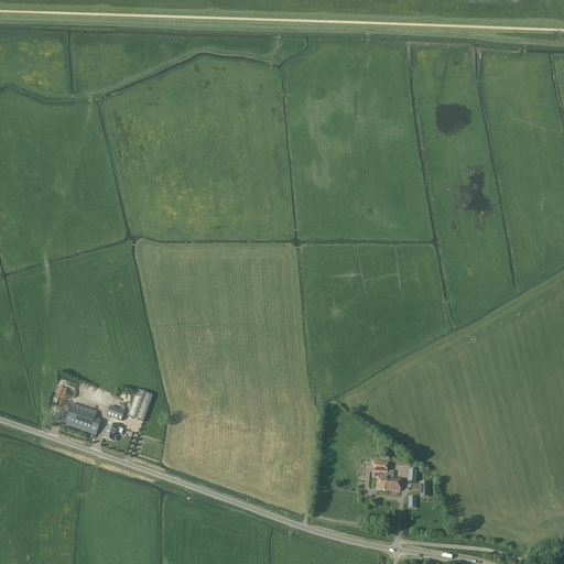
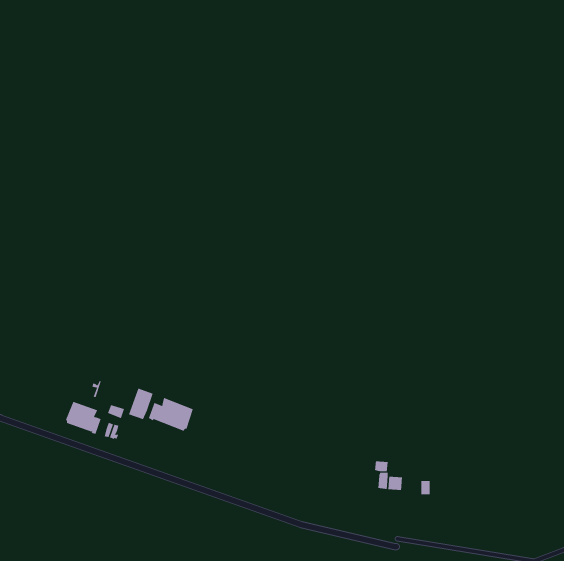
building: none -> [148,397,194,431]

